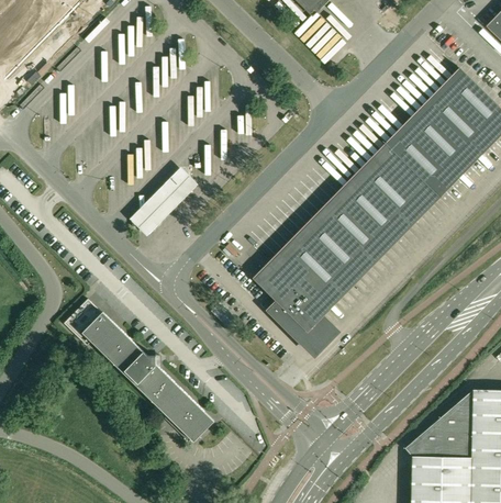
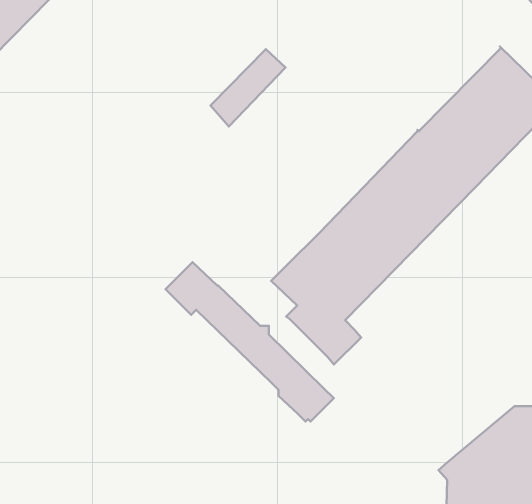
building: [131,169,198,238] -> [210,49,285,126]
building: [64,299,214,441] -> [165,262,334,422]

